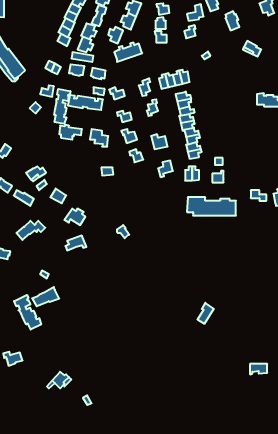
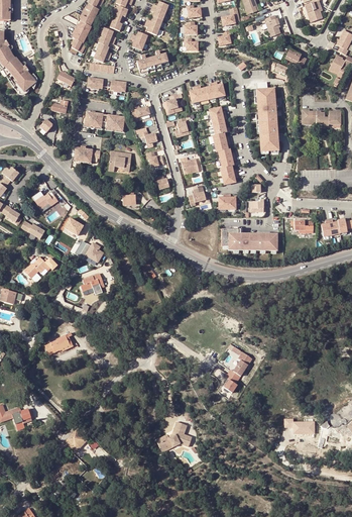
building: none -> [255,87,279,151]
building: [54,89,70,124] -> none
building: [14,295,41,330] -> none
building: none -> [155,423,188,449]

